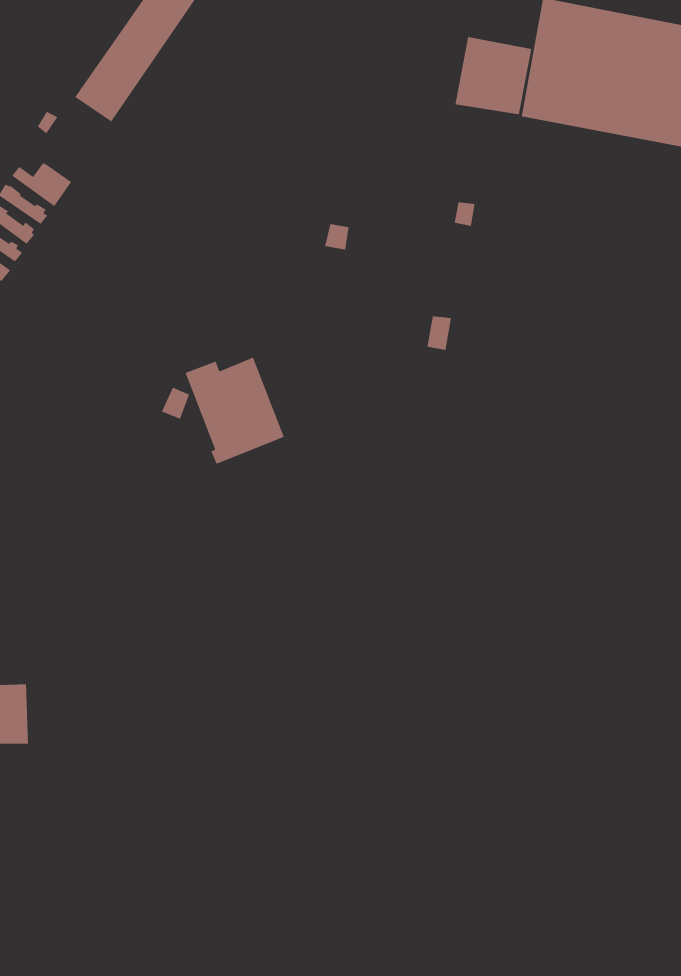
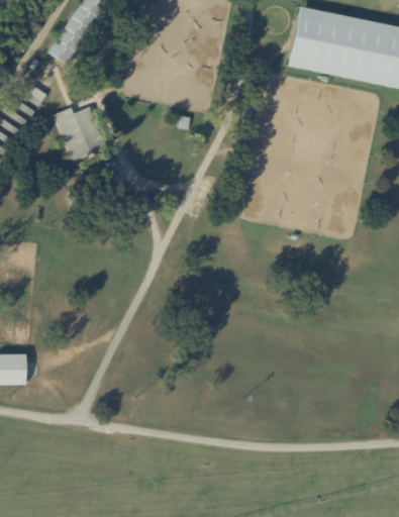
building: [454,36,532,115] -> none
building: [185,357,285,465] -> [54,109,105,165]

